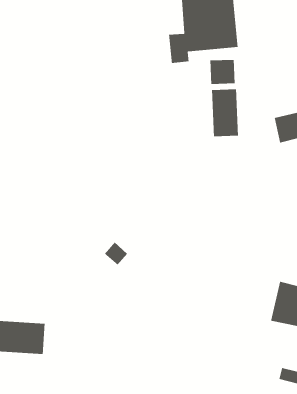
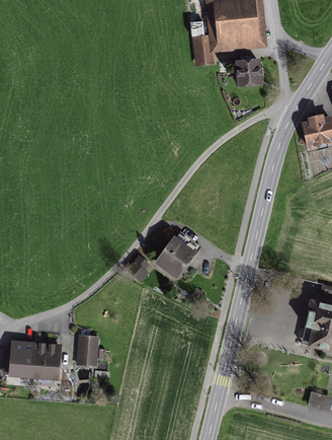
building: [211,88,239,137] -> none
building: none -> [158,234,200,278]
building: none -> [75,333,100,365]

